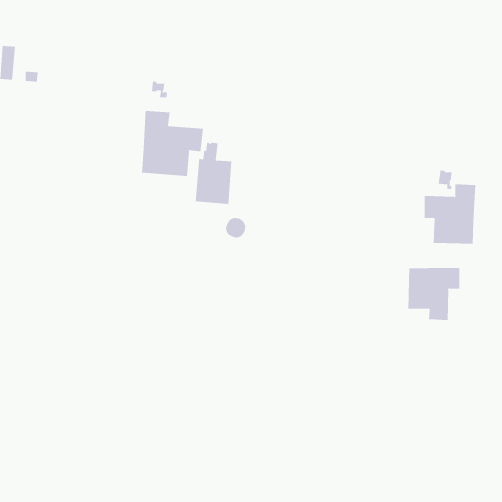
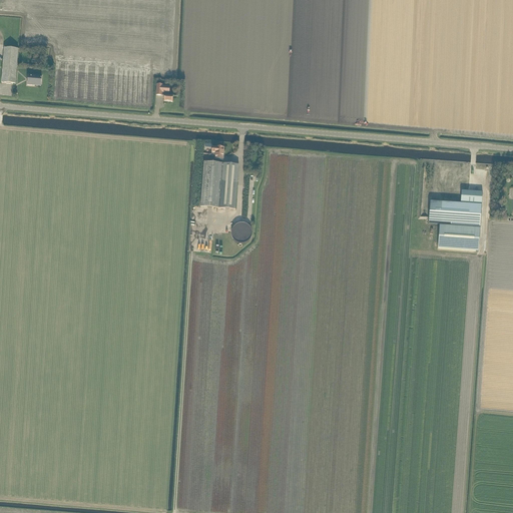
building: [142,110,203,177] -> none
building: [408,267,460,321] -> none

